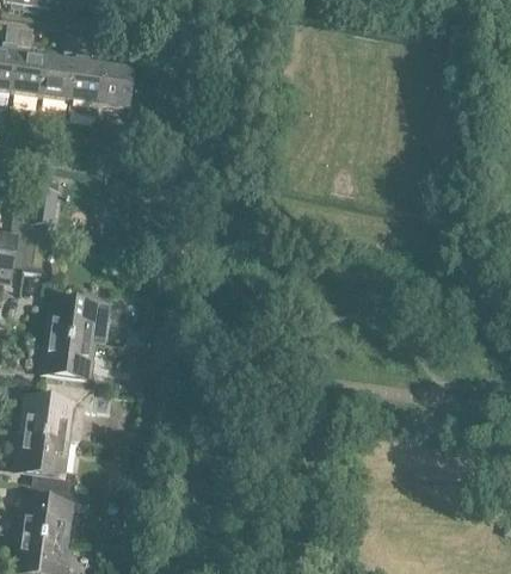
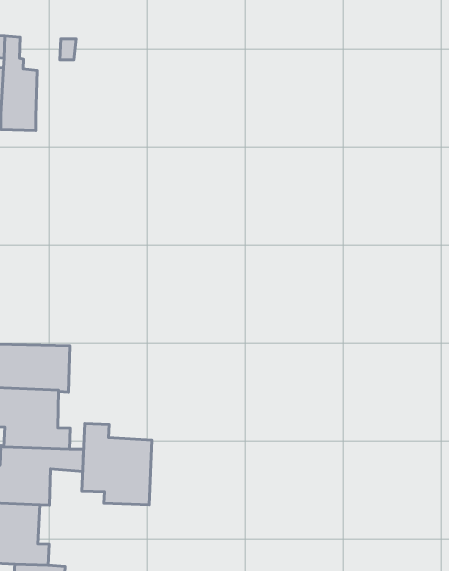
building: [99,67,135,110] -> none
building: none -> [82,423,152,505]

